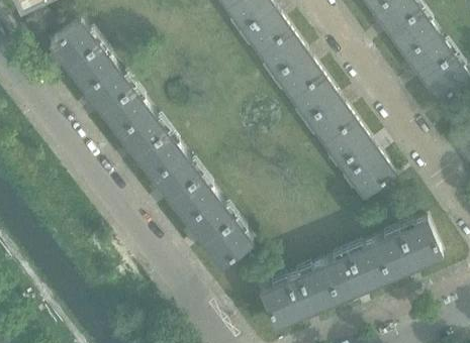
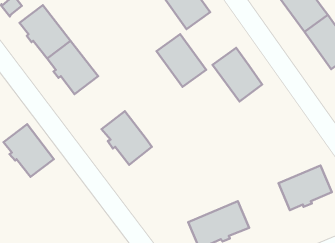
building: [259,30,320,96] -> [157,34,206,87]
building: [119,110,182,176] -> [4,124,54,177]
building: [324,120,392,196] -> none
building: [187,198,250,264] -> none
building: [322,243,387,299] -> none

